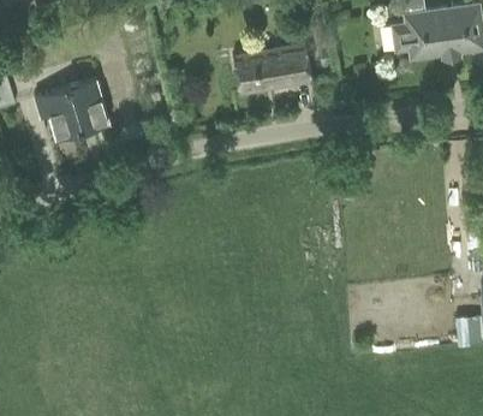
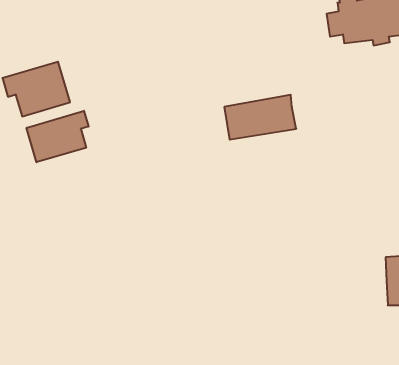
building: [233,44,312,94] -> [224,95,296,140]
building: none -> [27,111,89,162]

